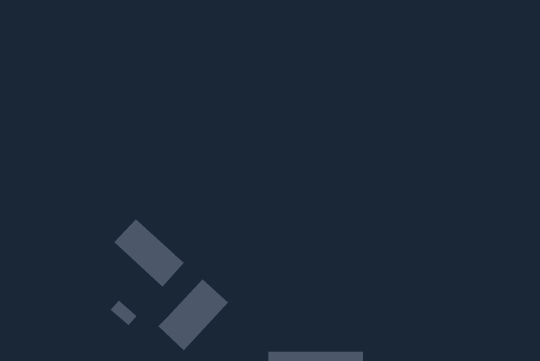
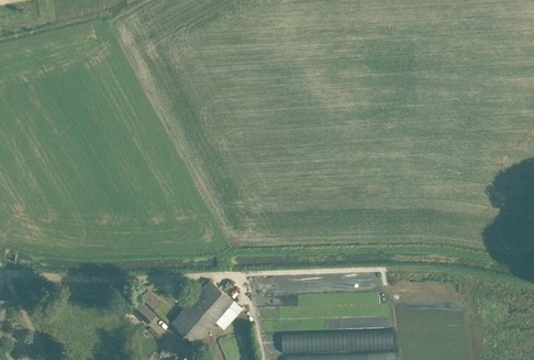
building: [114,219,185,288] -> none

